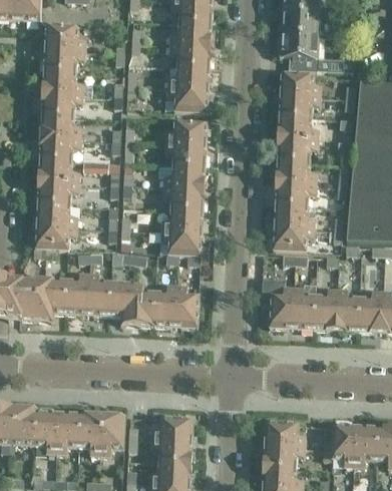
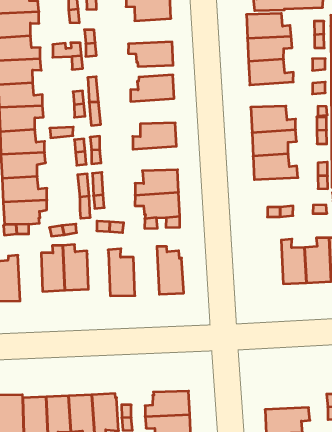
building: [167,67,210,90] -> none
building: [277,137,319,160] -> none
building: [163,142,206,166] -> none
building: [161,187,204,210] -> none
building: [273,226,315,251] -> none
building: [43,277,67,320] -> none
building: [259,277,294,327] -> none
building: [108,279,130,323] -> none
building: [151,281,176,326] -> none
building: [264,422,306,445] -> none

